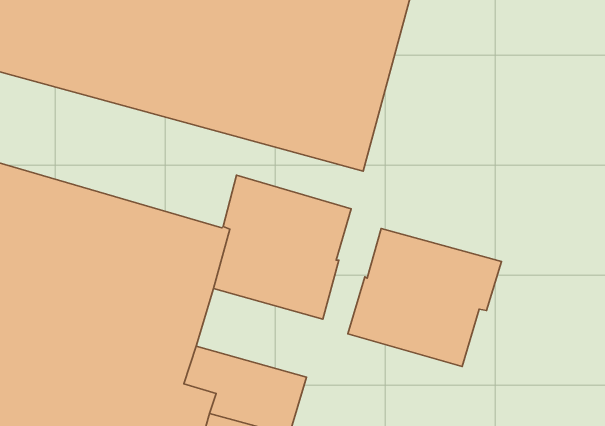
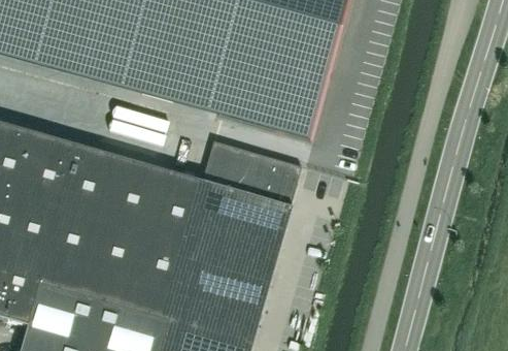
building: [348,228,502,366] -> none
building: none -> [180,228,277,296]

